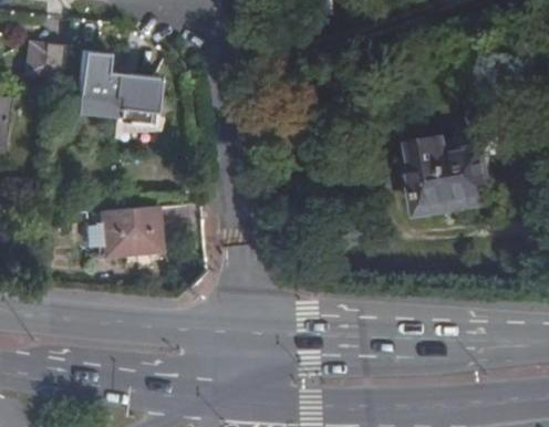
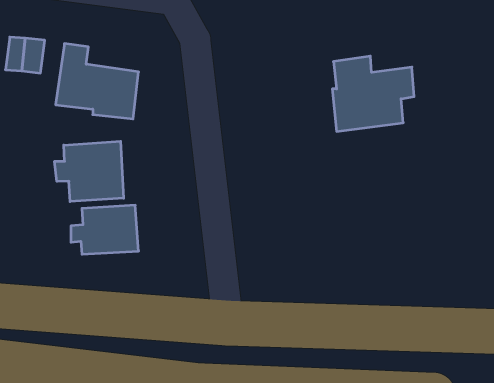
building: [412,135,495,211] -> [332,56,414,131]
building: none -> [55,141,124,202]

